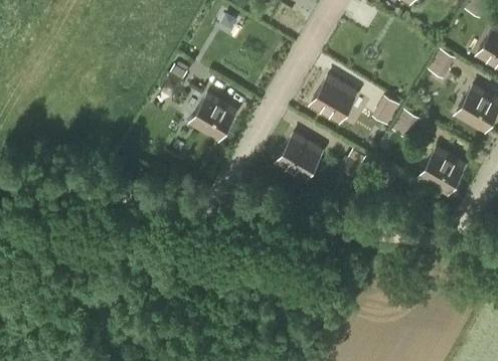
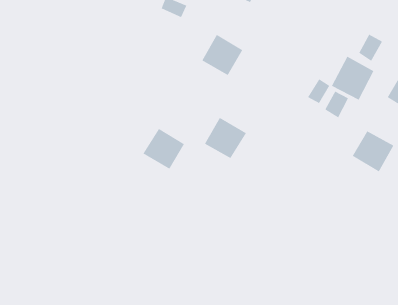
building: none -> [331,56,374,101]
building: [313,74,357,119] -> [202,34,243,76]
building: [194,95,239,139] -> [142,128,185,170]

